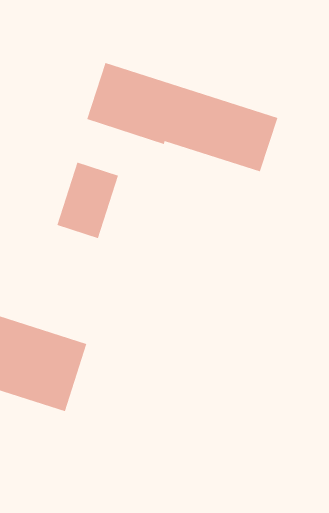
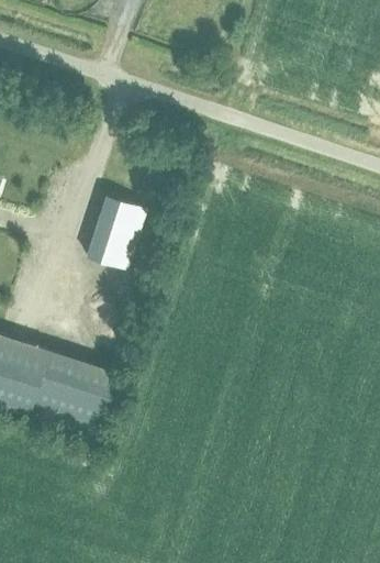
building: [86,62,278,172] -> none

